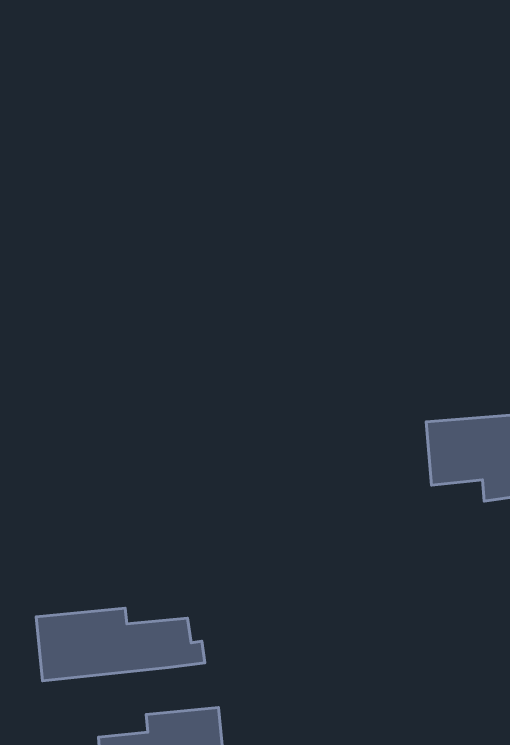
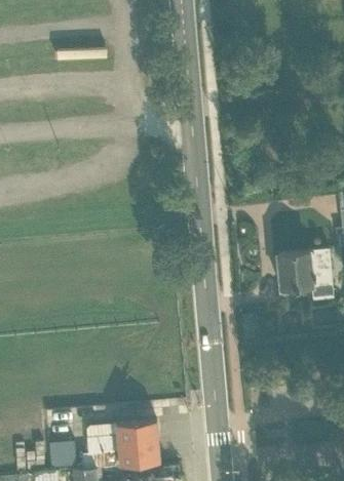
building: [36,608,205,681] -> none

